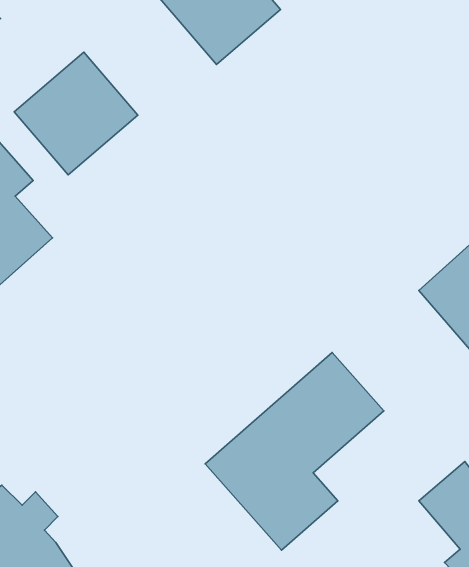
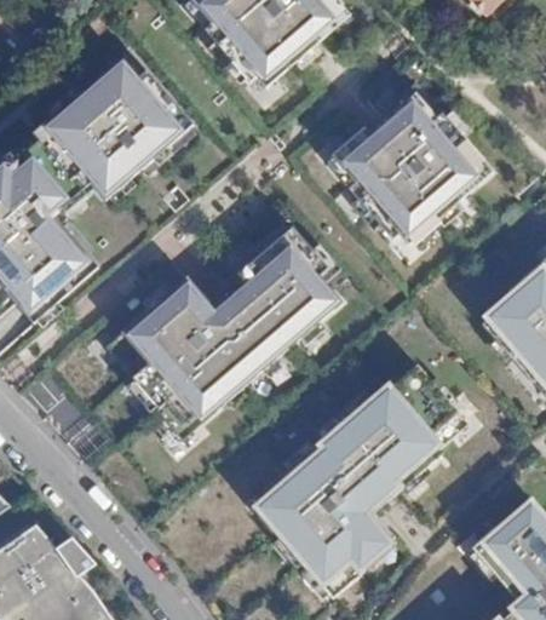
building: none -> [345,101,477,232]
building: none -> [130,242,339,415]

